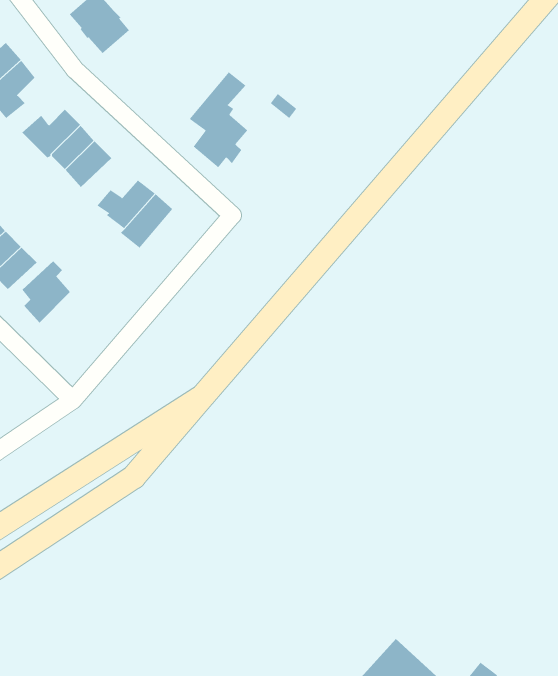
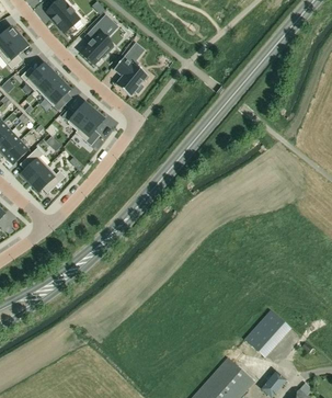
building: none -> [81,14,115,65]
building: none -> [31,164,66,193]
building: none -> [245,310,291,356]

